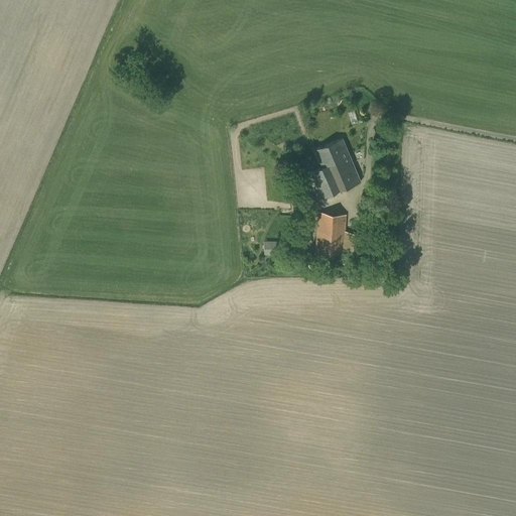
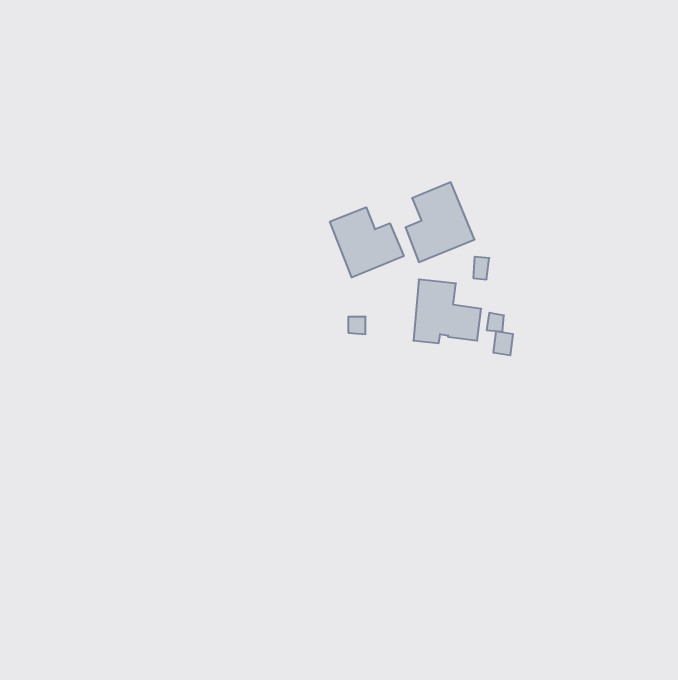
building: none -> [330,207,404,277]

